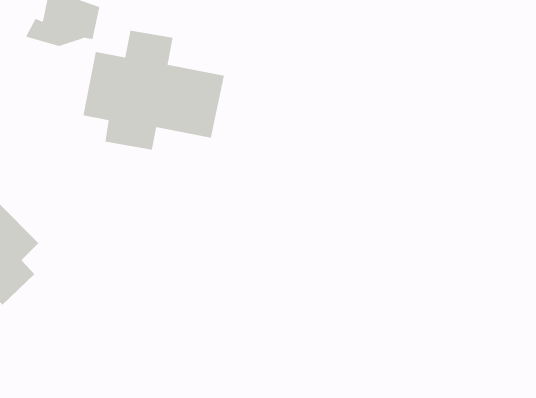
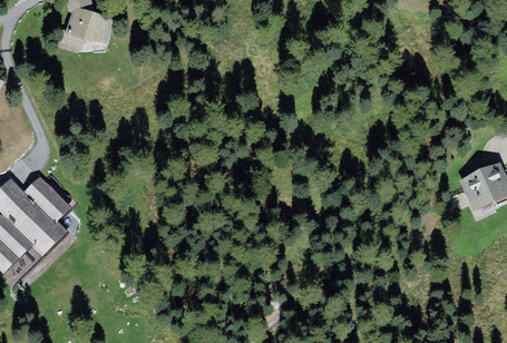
building: [83,30,225,150] -> none

